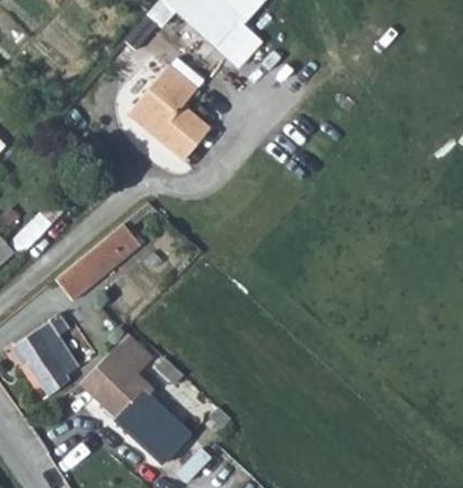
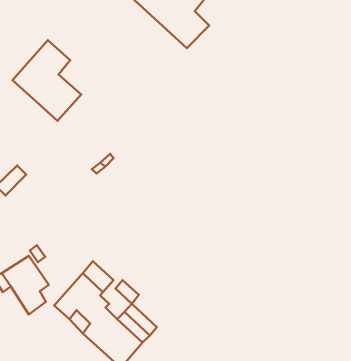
building: [127,60,211,158] -> [13,40,81,121]
building: [56,222,141,300] -> none

